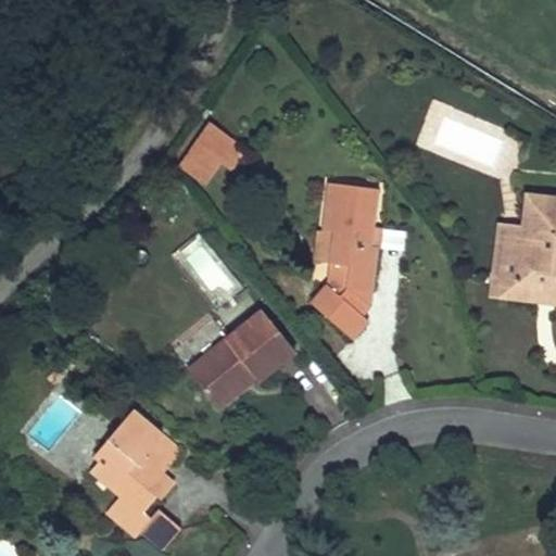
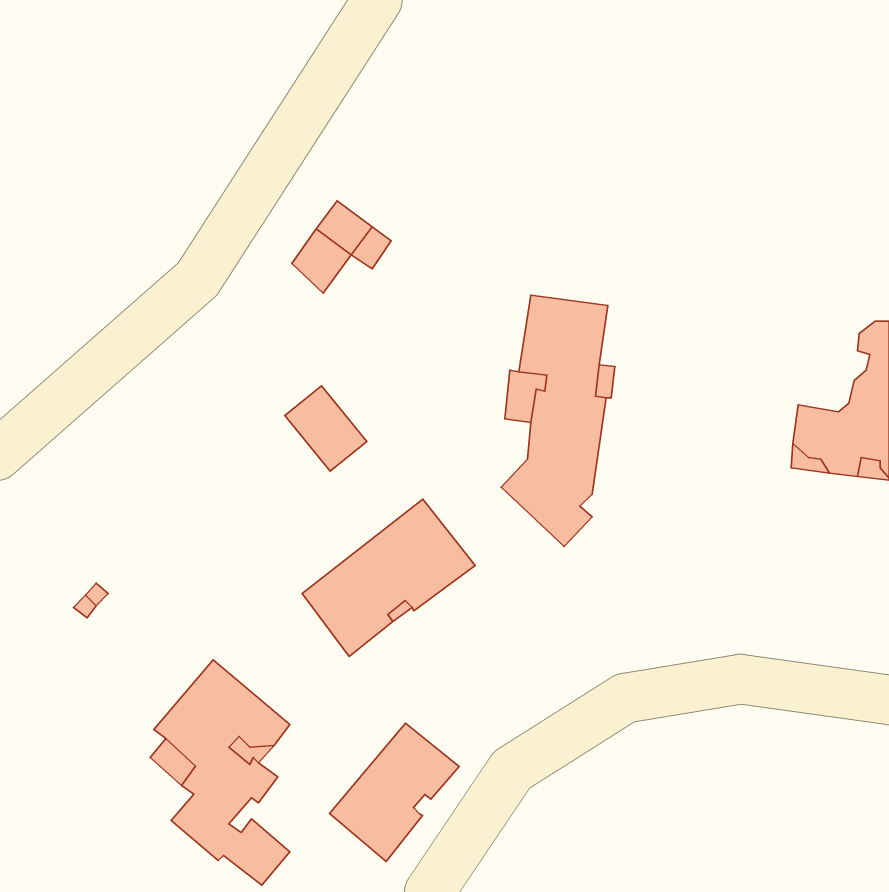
building: [496,198,544,256] -> none
building: none -> [329,723,459,861]

